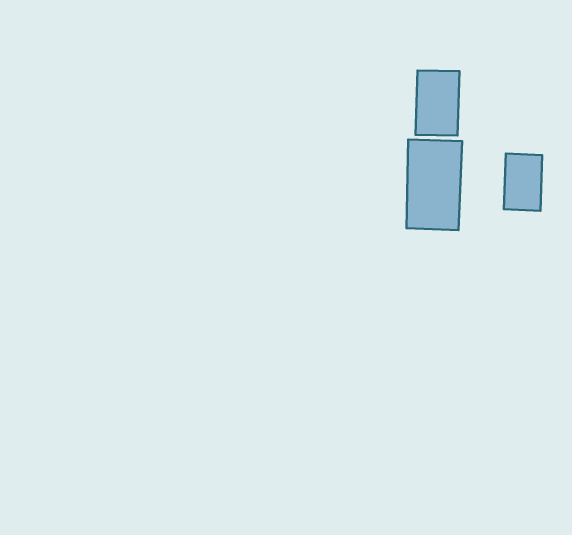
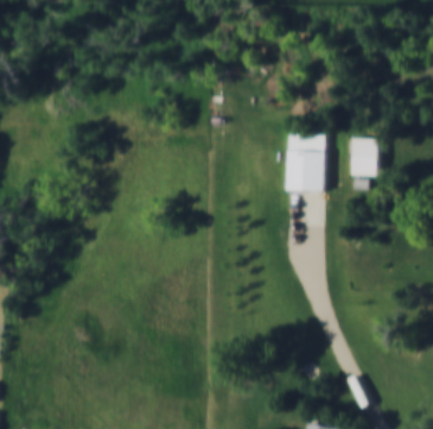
building: [415,71,460,135] -> none

